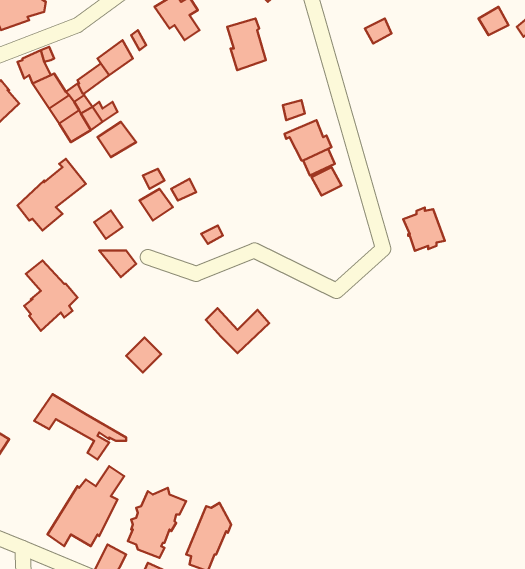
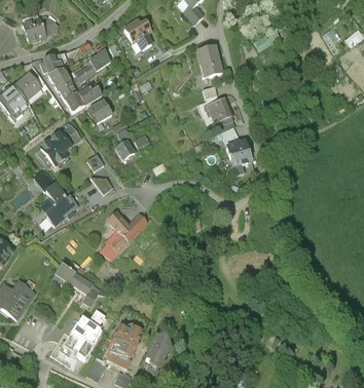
building: [227,19,266,70] -> [197,44,221,76]
building: [403,207,445,251] -> [225,140,251,166]
building: [206,308,269,353] -> [108,212,147,240]

